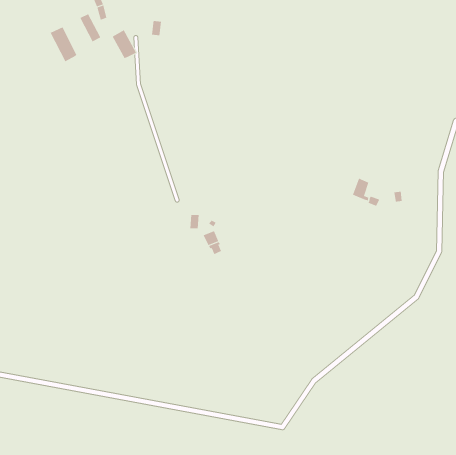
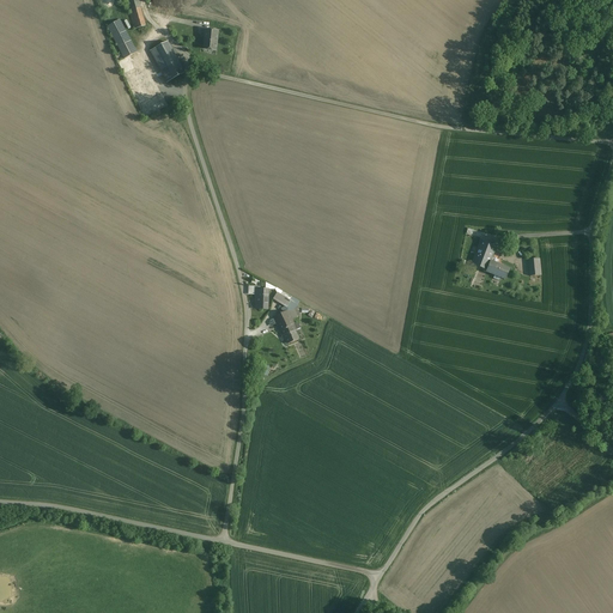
building: [50,26,77,62] -> none

